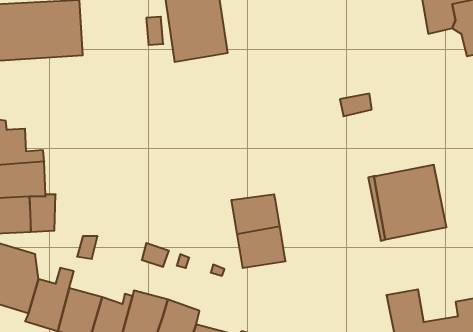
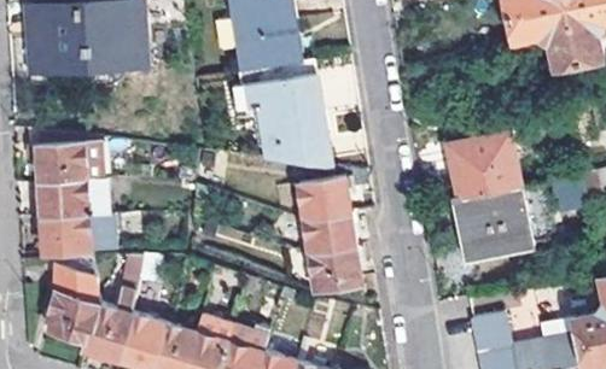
building: none -> [238,59,330,165]
building: none -> [448,130,520,193]
building: none -> [298,176,350,218]

